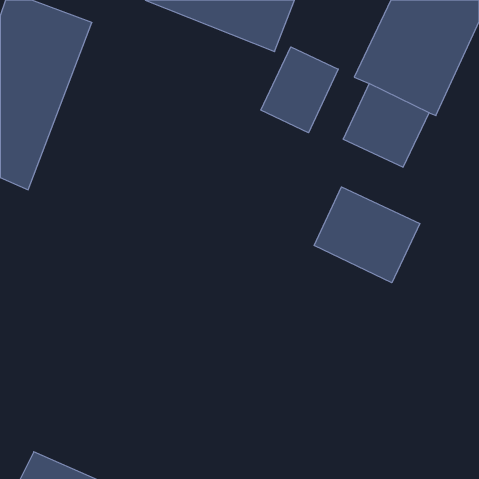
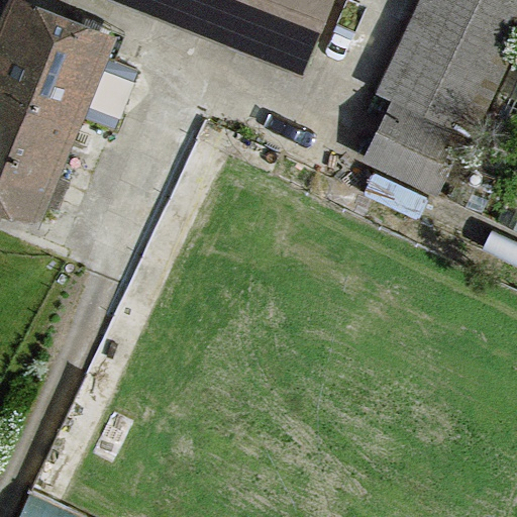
building: [261,47,338,133] -> none
building: [314,187,420,283] -> none

